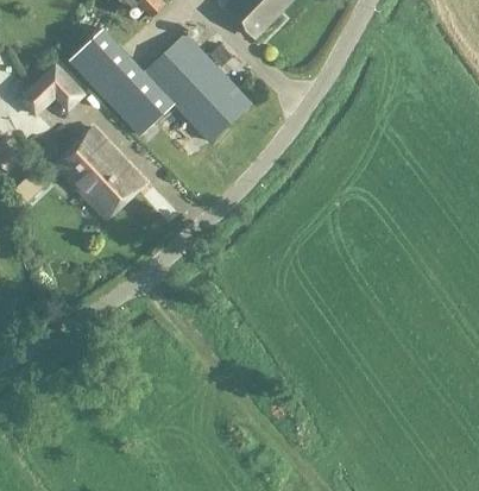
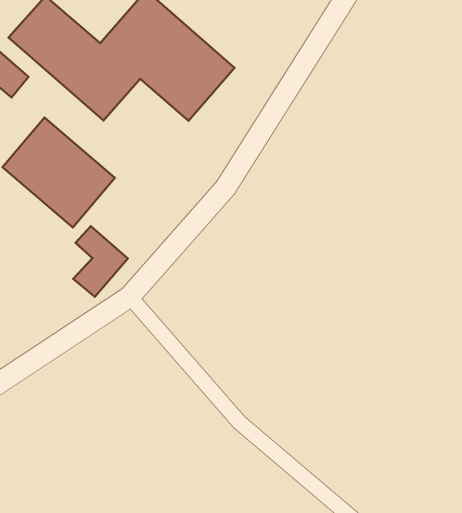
building: none -> [73,226,128,297]

